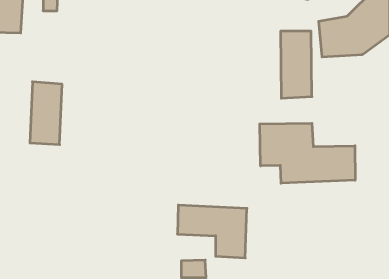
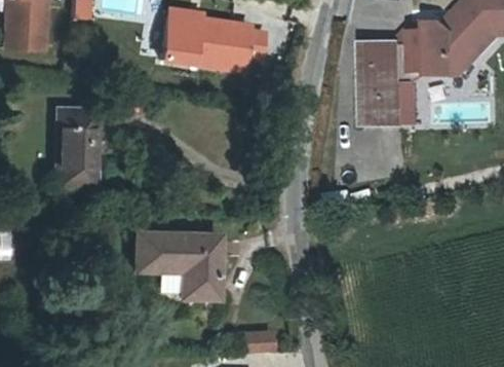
building: none -> [165,9,254,67]
building: [260,123,355,183] -> none
building: [177,205,247,258] -> [134,230,221,296]

